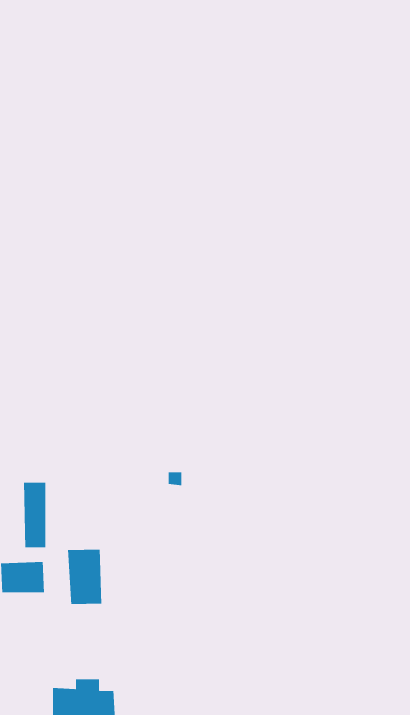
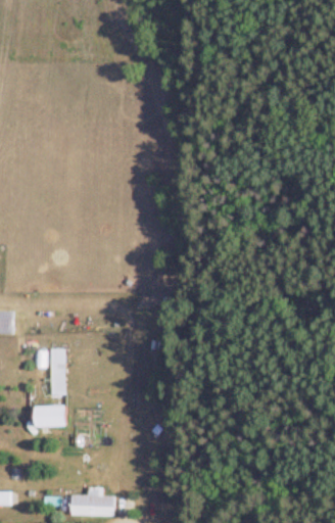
building: [67,549,102,605] -> none

